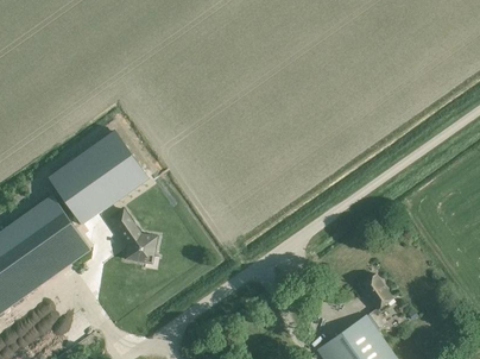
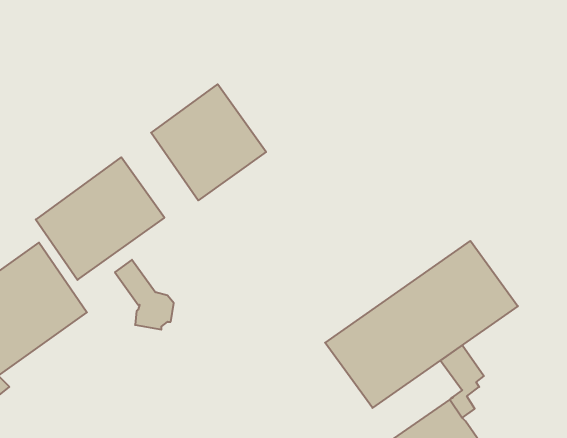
building: none -> [151,84,266,200]
building: none -> [325,241,518,408]

